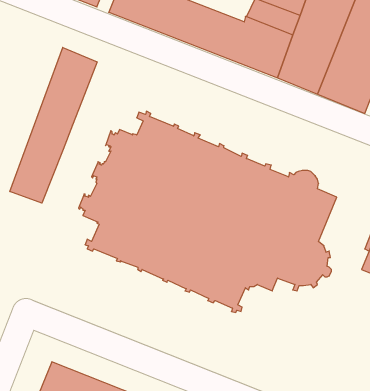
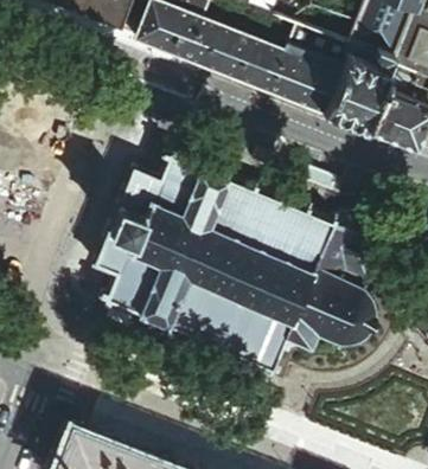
building: [10,47,97,203] -> none

